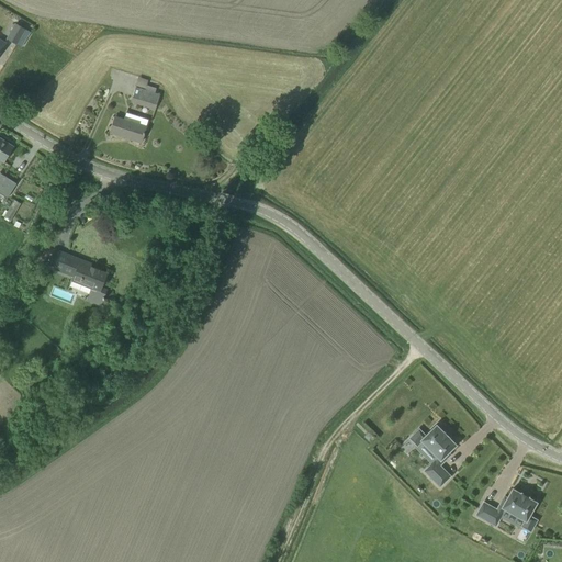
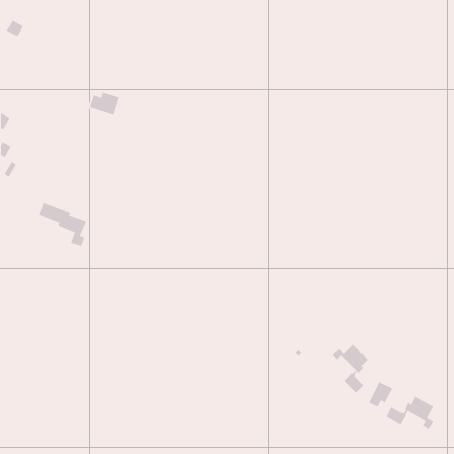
building: [131,86,160,110] -> none
building: none -> [368,381,393,408]

